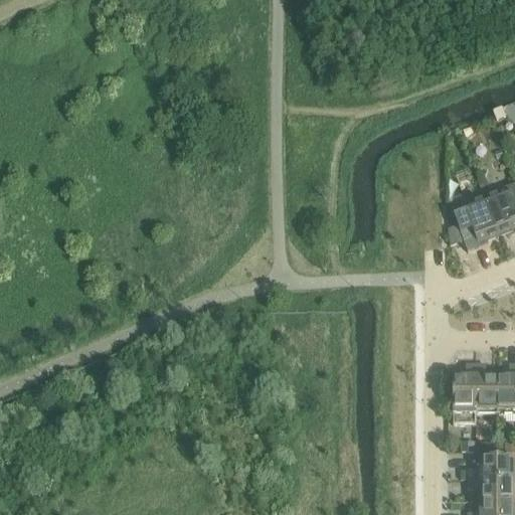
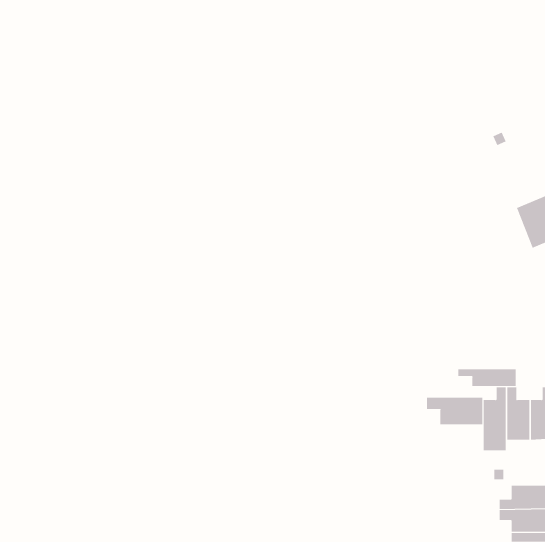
building: [454,195,502,250] -> none
building: none -> [458,369,516,387]
building: none -> [426,397,483,425]

